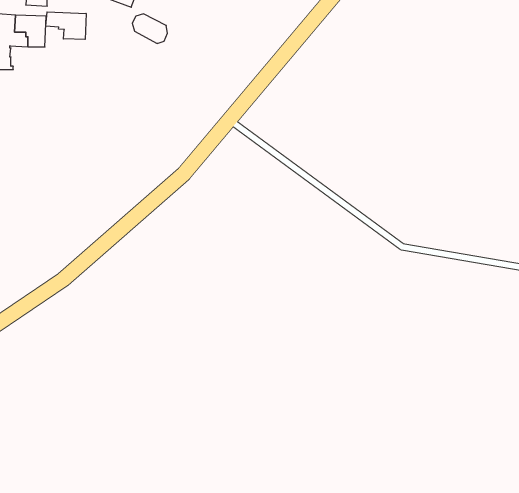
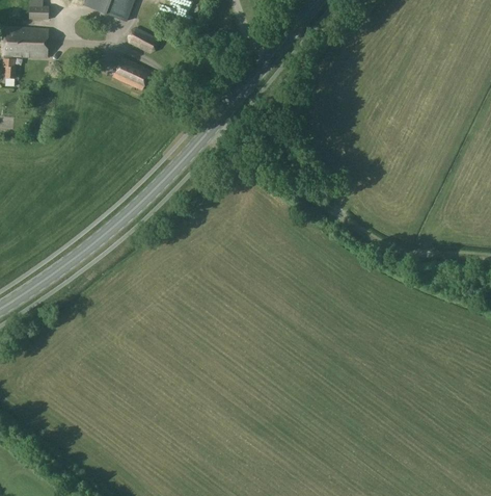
building: [46,12,86,39] -> none
building: none -> [111,55,152,89]

